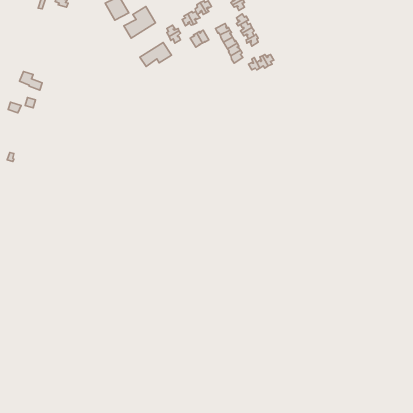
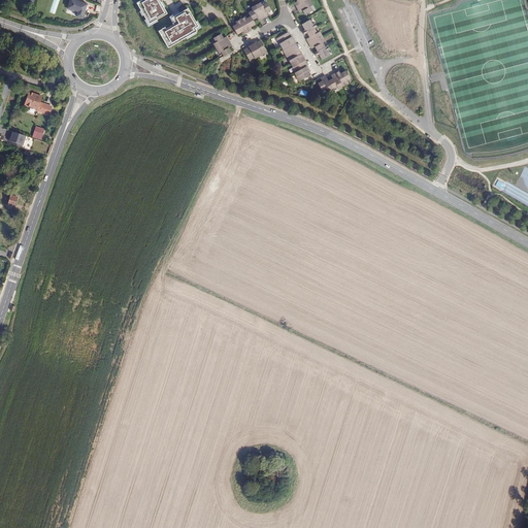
building: [140,43,171,67] -> none

